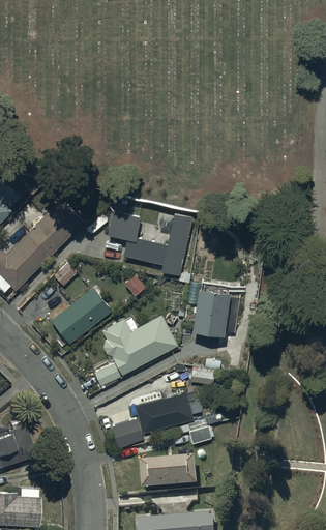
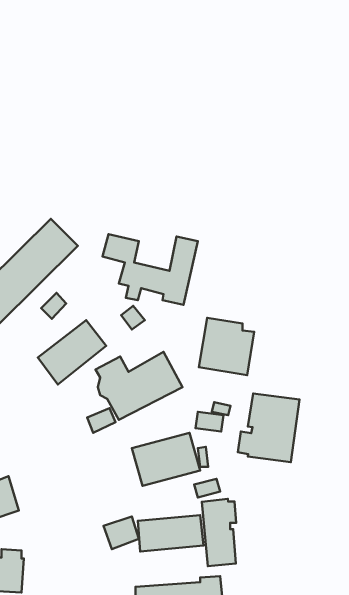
building: none -> [238,393,299,462]
building: [111,418,142,447] -> [104,516,139,549]
building: none -> [202,499,236,566]

